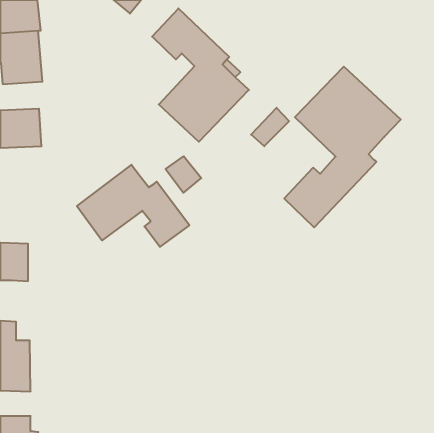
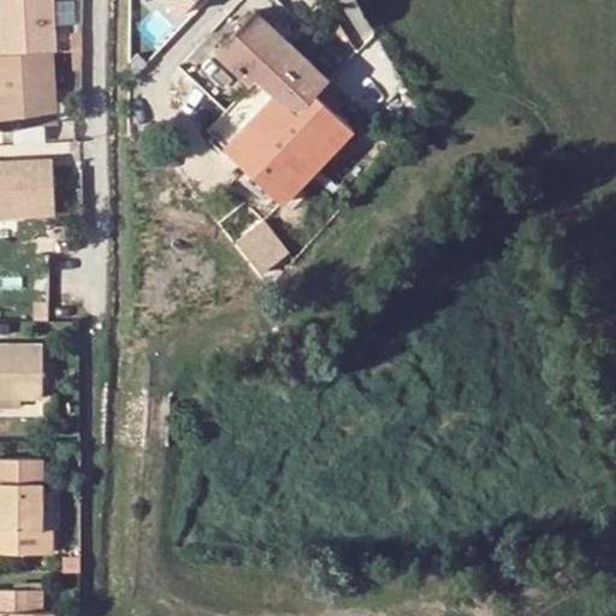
building: [284,67,401,227] -> none
building: [251,108,289,146] -> none
building: [77,165,189,247] -> none

